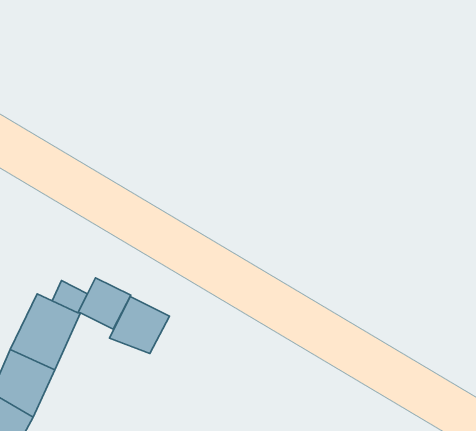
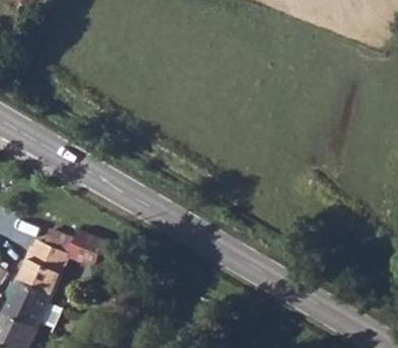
building: [109,297,169,354] -> none

